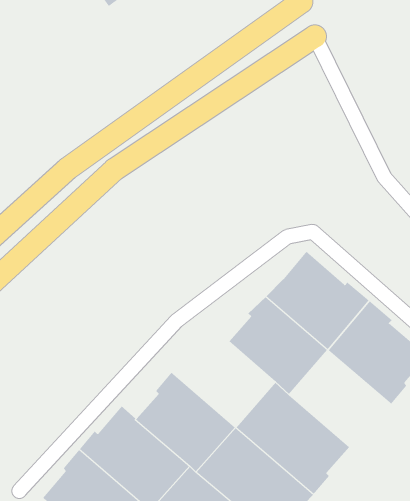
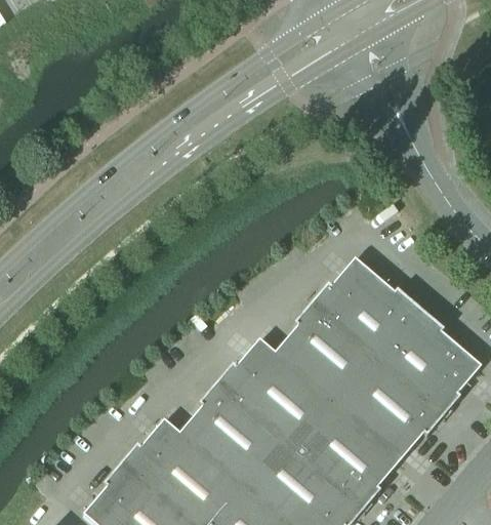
building: none -> [215,339,323,442]
building: none -> [337,362,443,462]

